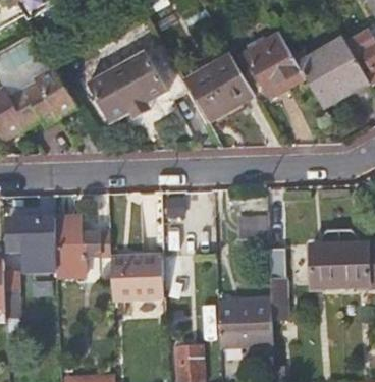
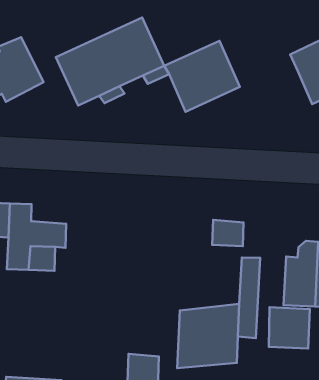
building: [245,33,306,97] -> none
building: [110,252,165,298] -> none
building: none -> [269,307,310,349]

